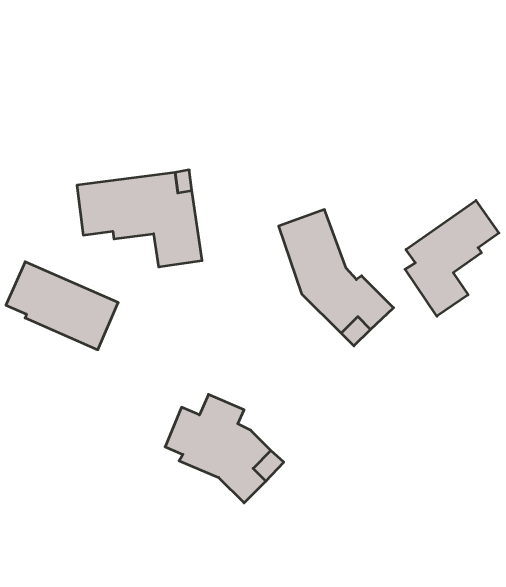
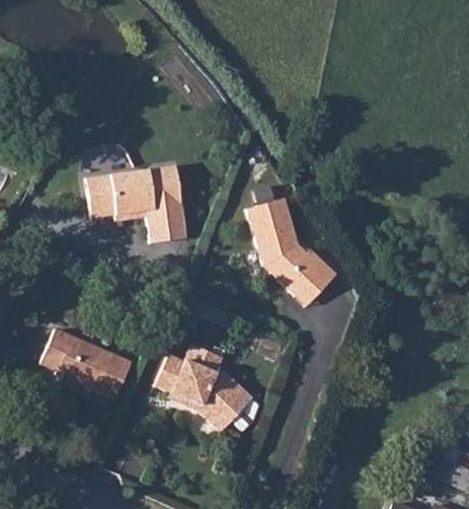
building: [405,200,499,316] -> none
building: [6,262,118,350] -> [43,331,132,401]

